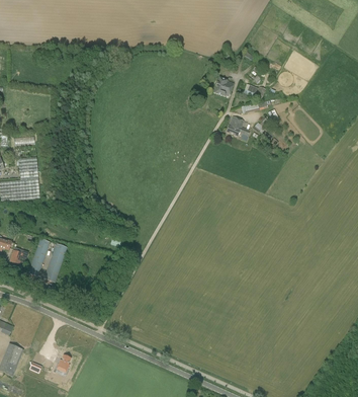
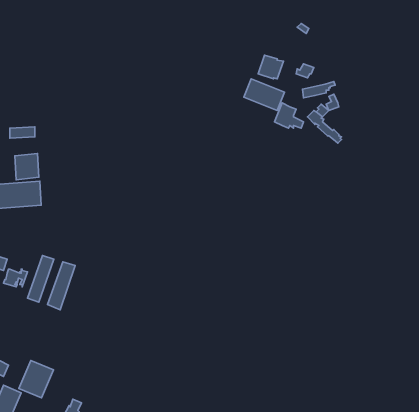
building: none -> [244,79,285,111]
building: none -> [19,360,53,398]

